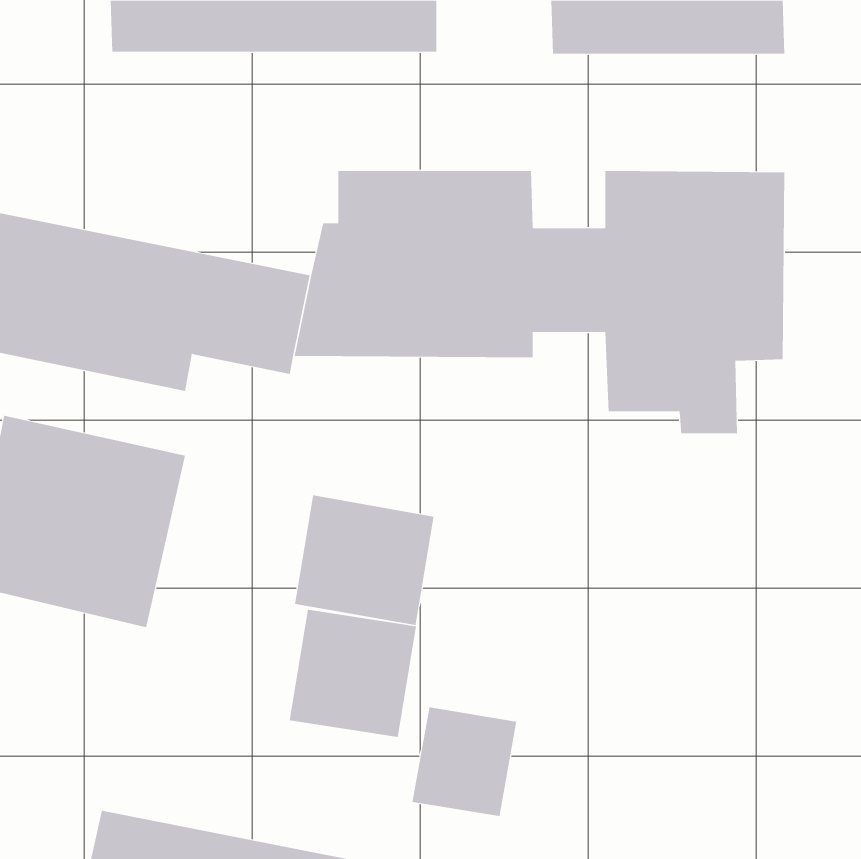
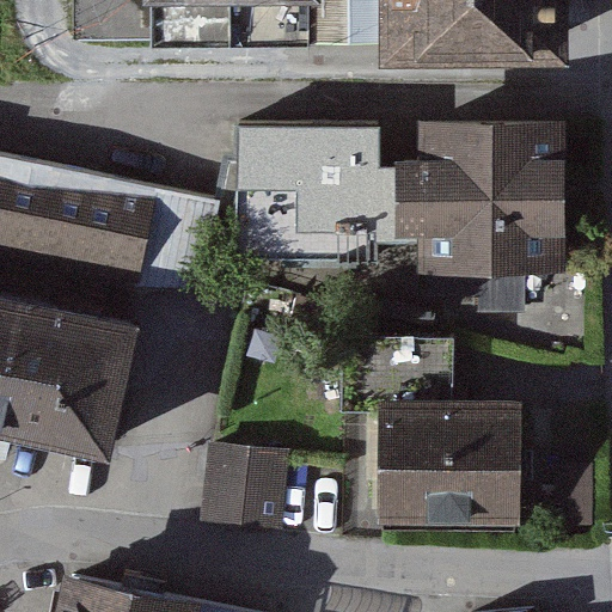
building: none -> [365,342,513,527]
building: [295,494,434,626] -> none
building: [412,707,517,817] -> none

